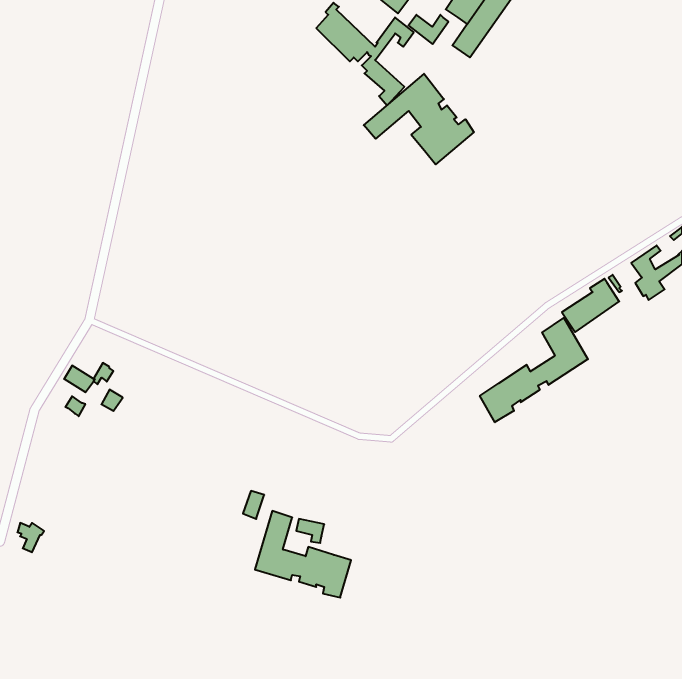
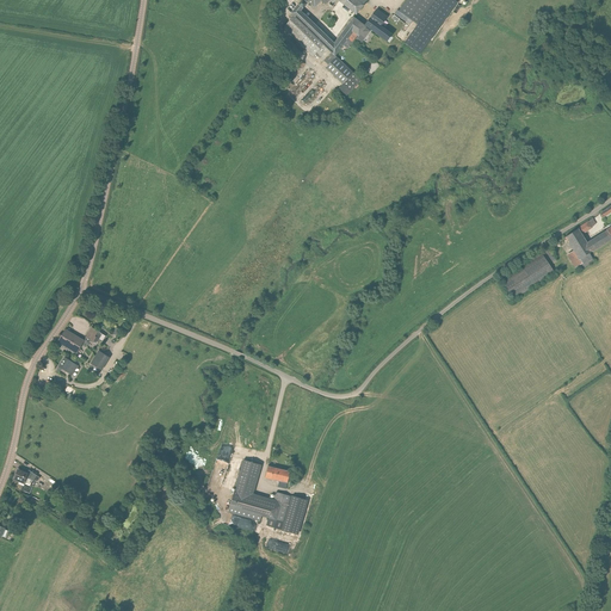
building: [364,74,474,164] -> none
building: [480,318,588,422] -> none

